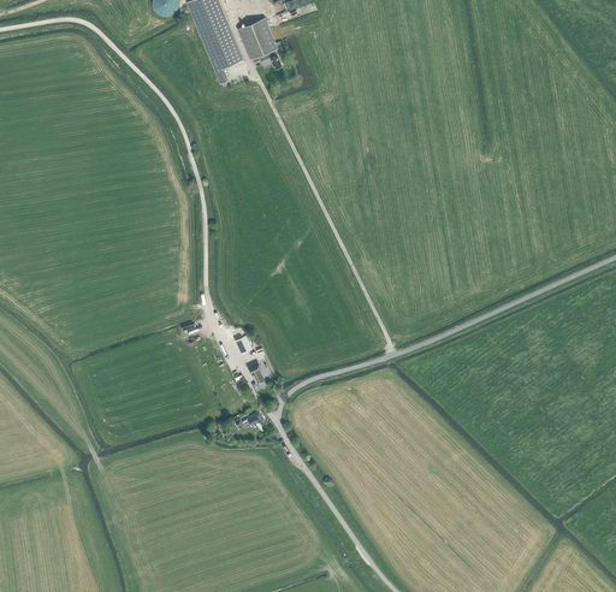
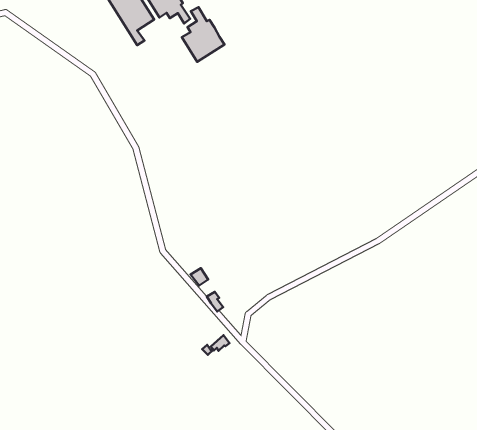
building: none -> [182,7,225,62]

